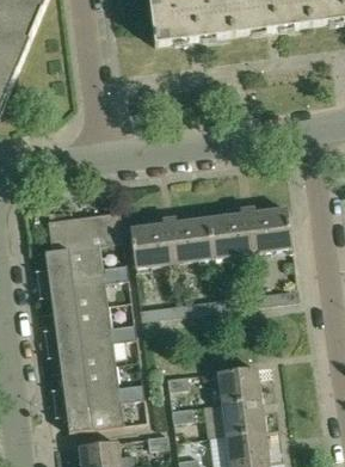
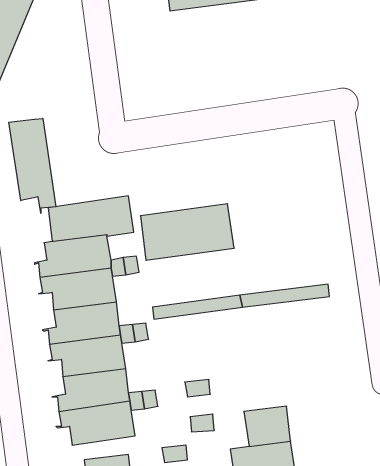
building: none -> [9,118,56,213]
building: [205,205,289,256] -> none
building: [216,364,258,401] -> none

